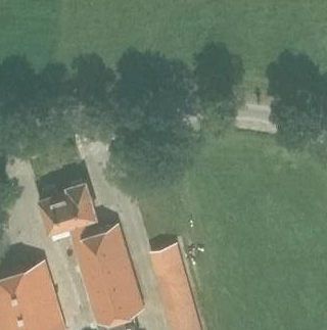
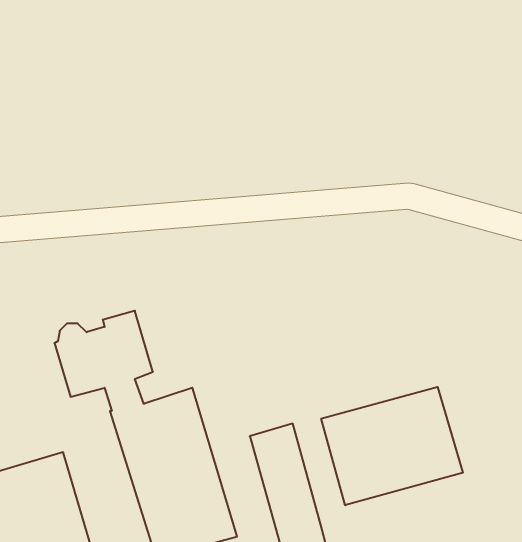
building: none -> [321,387,463,505]

